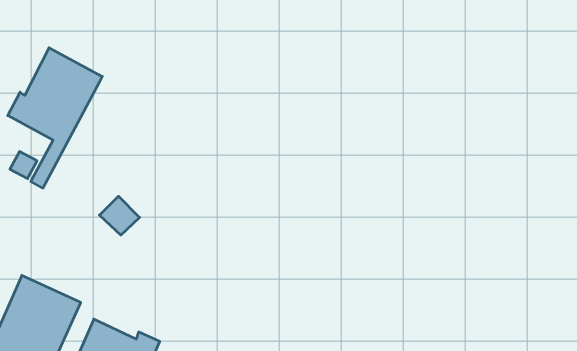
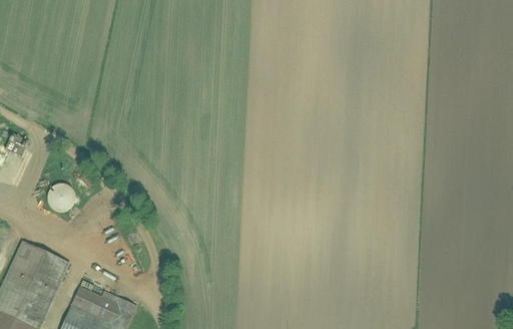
building: [8,48,102,188] -> none
building: [99,196,140,235] -> [47,182,81,215]

